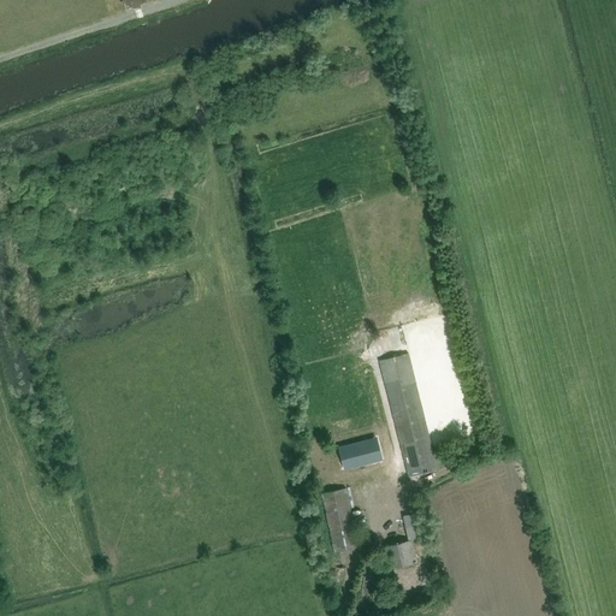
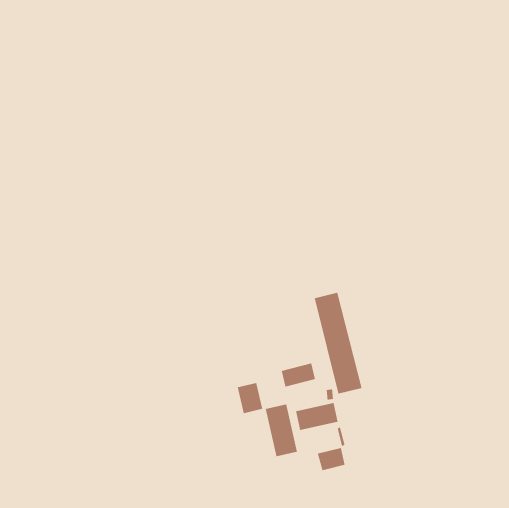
building: none -> [237,382,263,414]
building: none -> [295,402,338,431]

